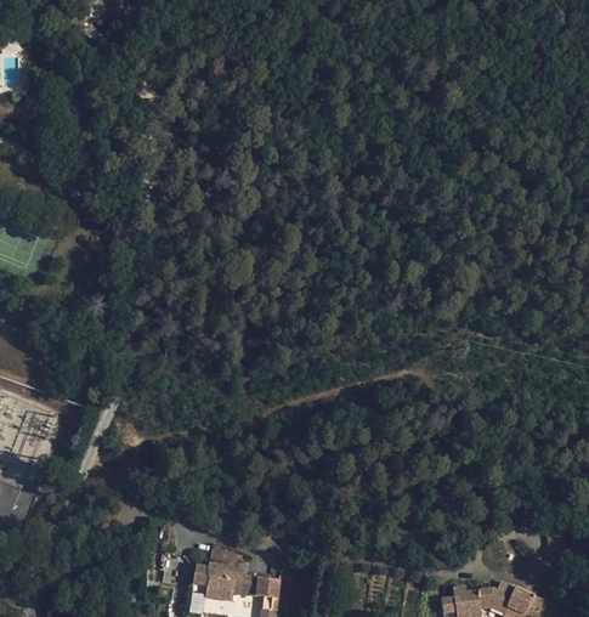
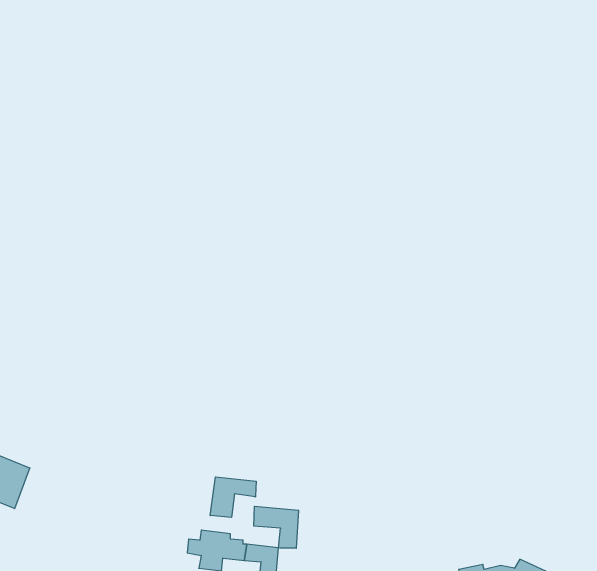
building: none -> [210,477,256,517]
building: none -> [254,506,299,548]

